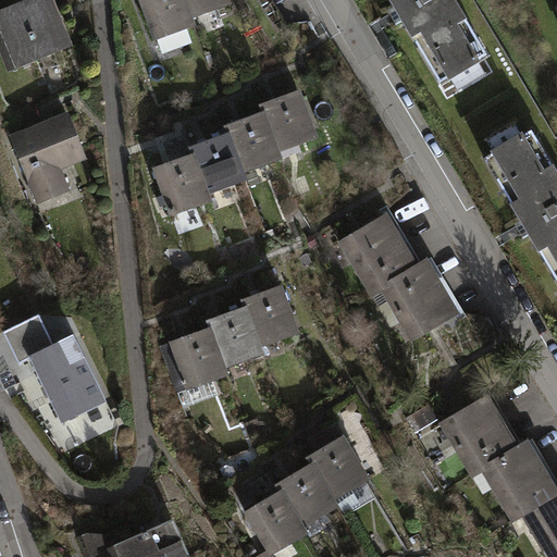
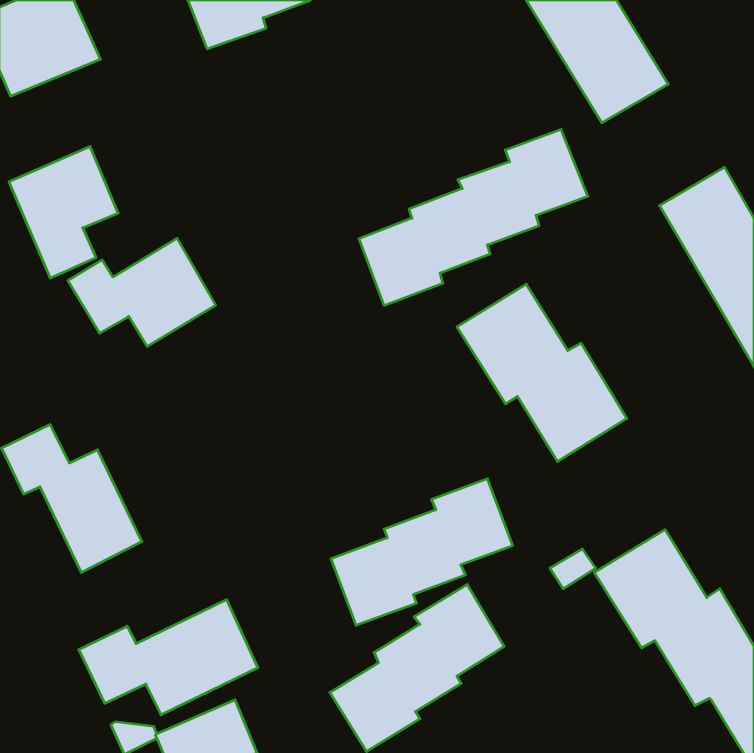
building: [151,86,320,215] -> [359,129,588,305]
building: none -> [68,238,216,346]
building: [166,282,300,389] -> [331,479,513,625]
building: none -> [79,600,258,715]

